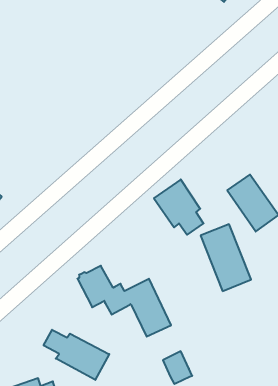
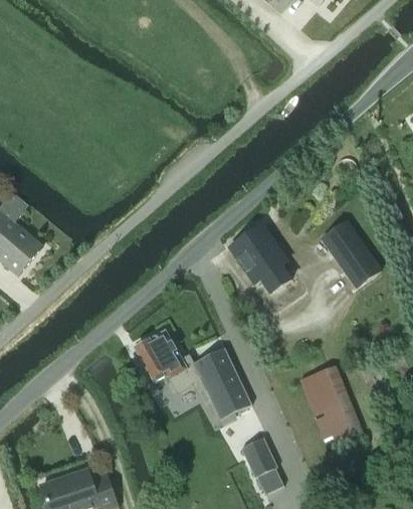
building: [201,224,251,291] -> [299,365,362,448]
building: [44,330,109,380] -> none

